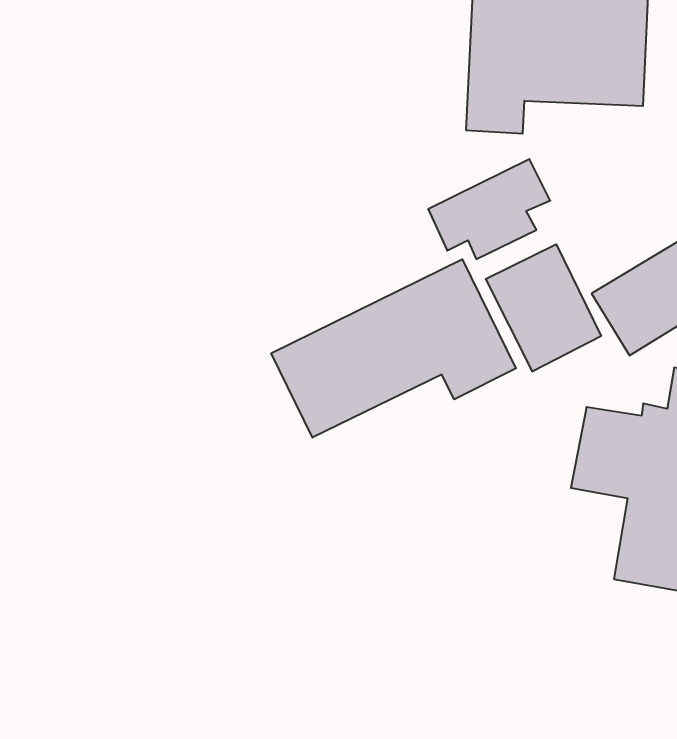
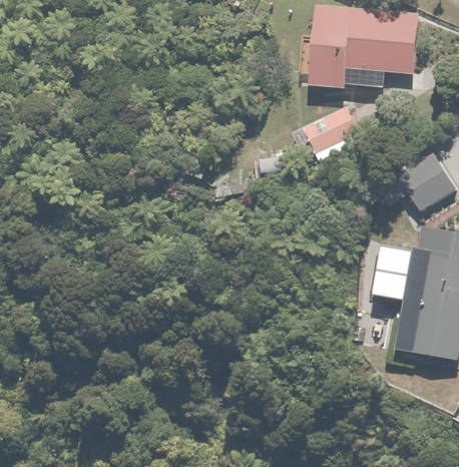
building: [486,244,601,372] -> none
building: [271,259,516,438] -> none

